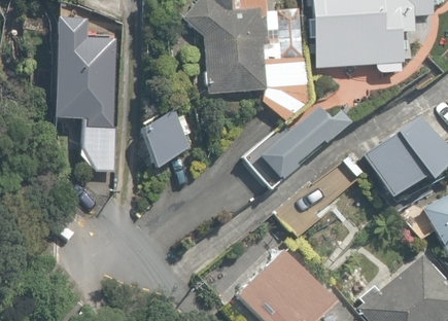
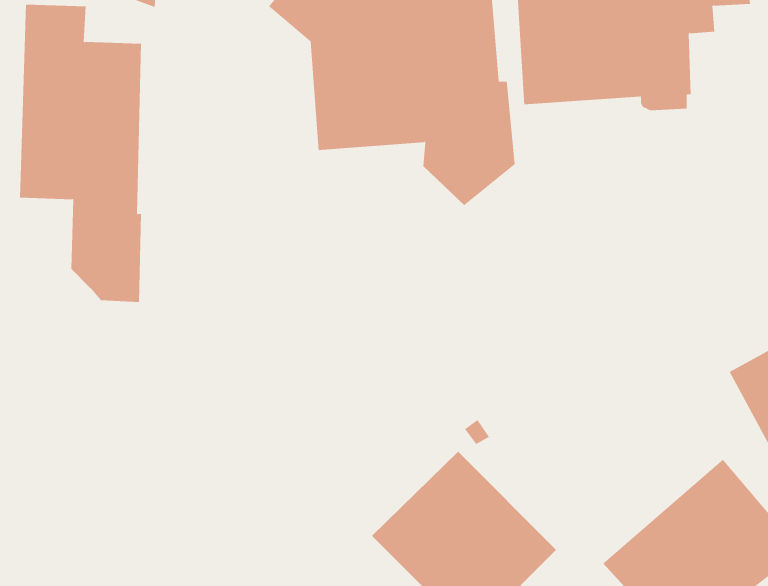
building: [243,106,350,188] -> none
building: [144,108,193,168] -> none
building: [366,123,432,189] -> none

